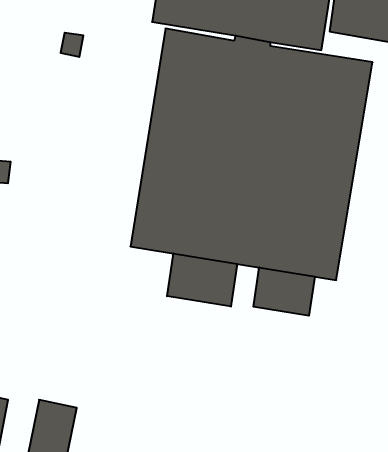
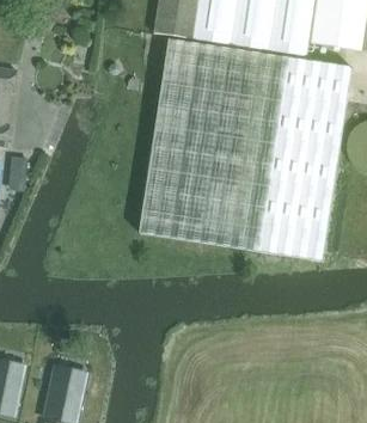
building: [167,253,237,307] -> none
building: [253,267,315,316] -> none

